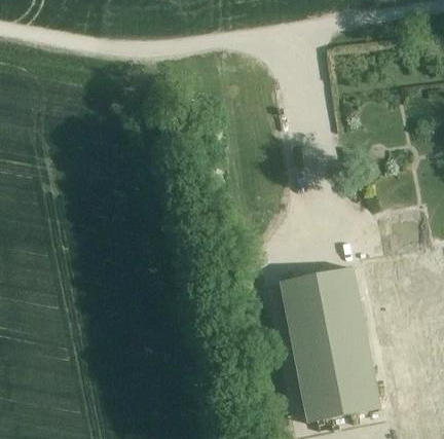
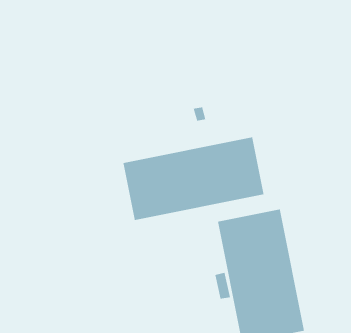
building: none -> [123,137,264,221]

